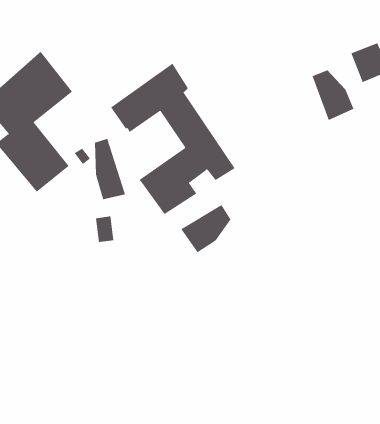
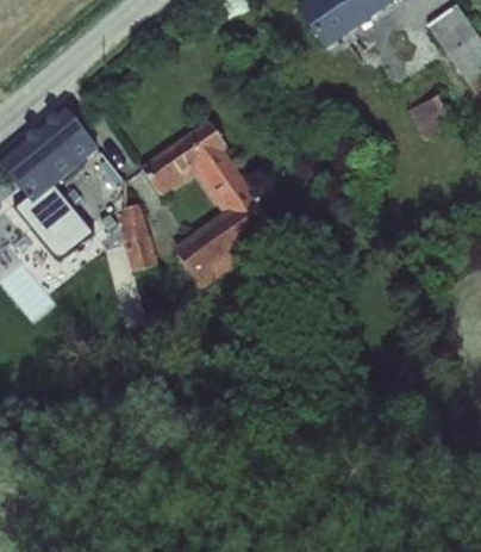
building: [312,70,354,121] -> none
building: [180,204,231,253] -> none

